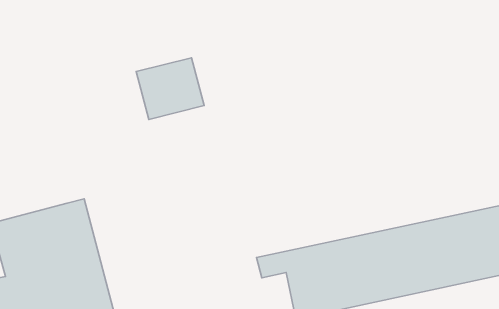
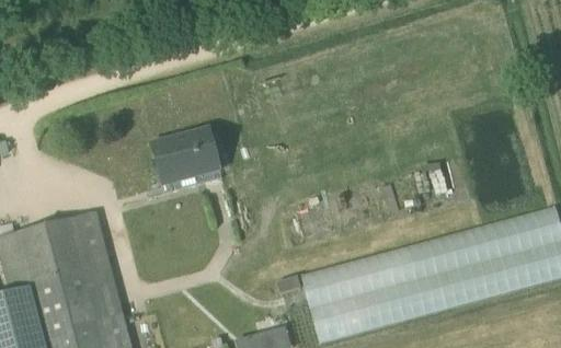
building: [136,58,204,119] -> [151,128,221,192]

